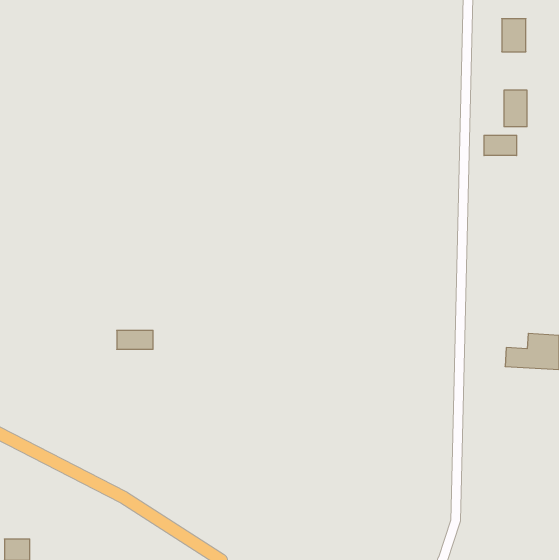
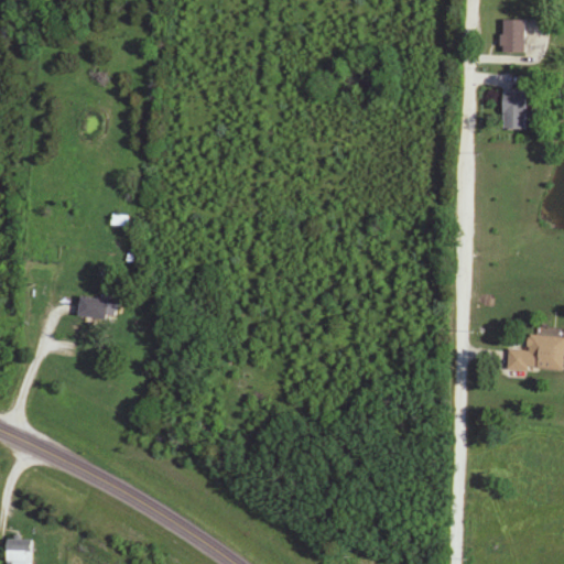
building: [484,135,517,156] -> none
building: [117,330,153,349] -> [77,297,113,316]

